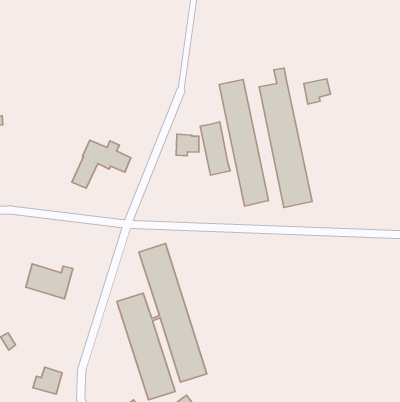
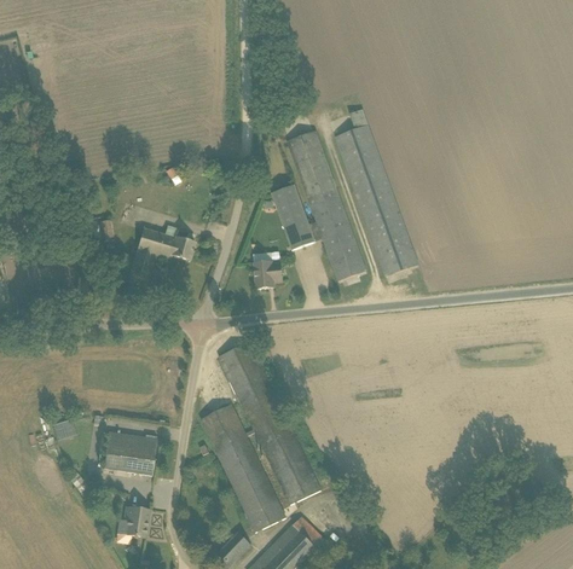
building: [304,79,331,104] -> none
building: [176,134,199,156] -> [251,262,280,289]
building: [26,264,73,299] -> [102,437,155,476]

